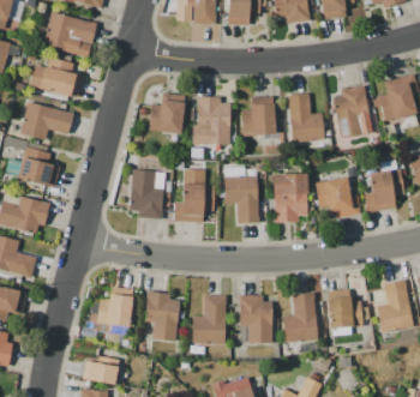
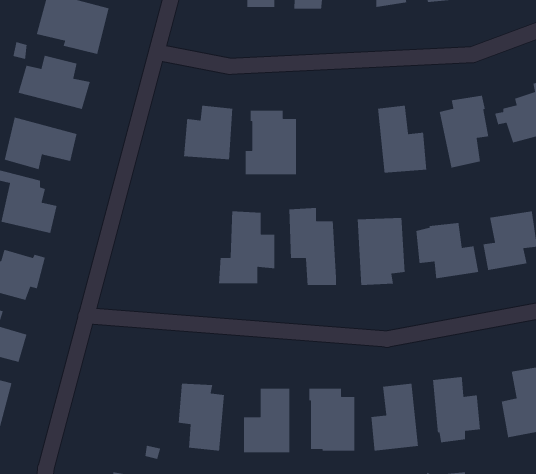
building: [241,103,276,134] -> none
building: [130,169,164,219] -> none
building: [91,287,133,344] -> none

